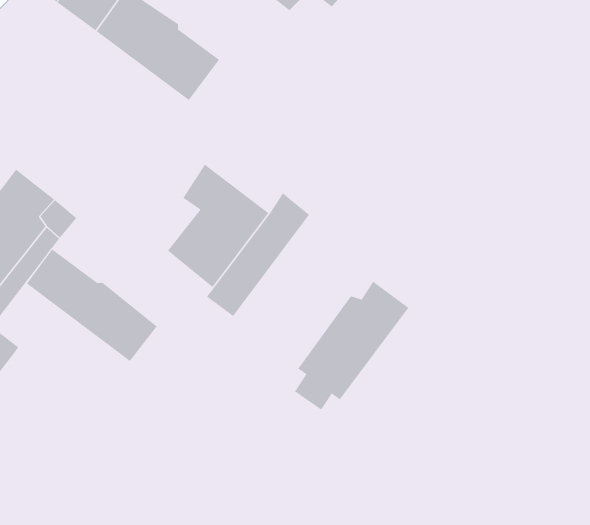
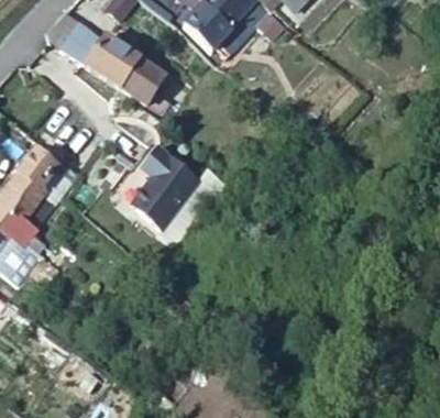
building: [26,249,158,362] -> none
building: [293,281,409,411] -> none

